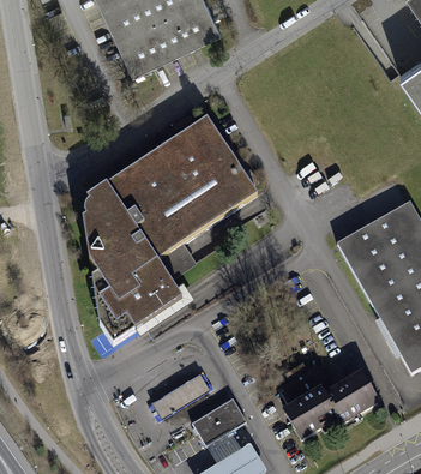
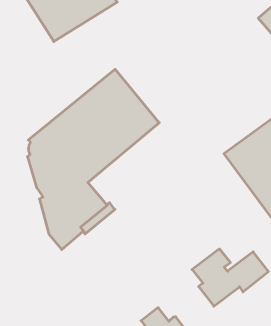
building: [156,244,196,281] -> none
building: [151,374,209,420] -> none
building: [191,398,247,448] -> none

